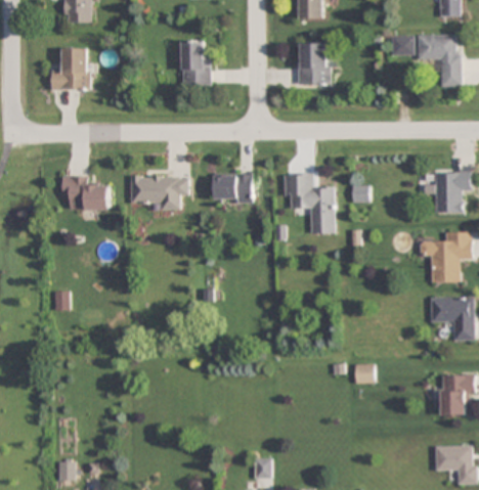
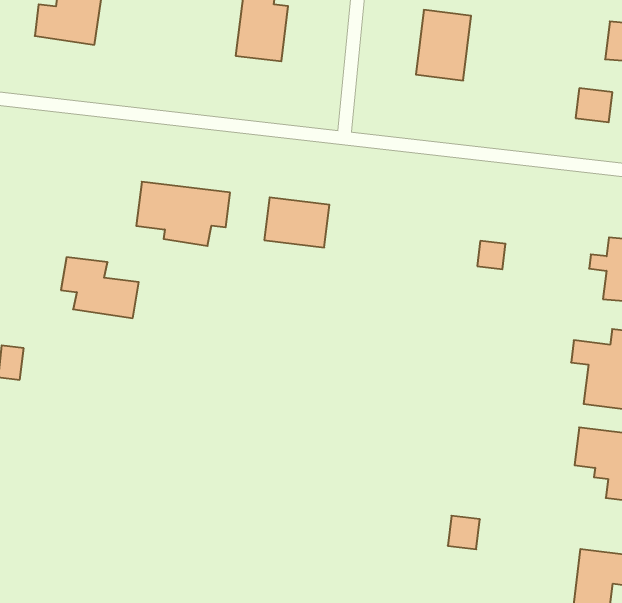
building: [392,36,413,55] -> [576,88,612,122]
building: [284,173,335,233] -> none
building: [61,175,111,209] -> [61,257,139,318]

